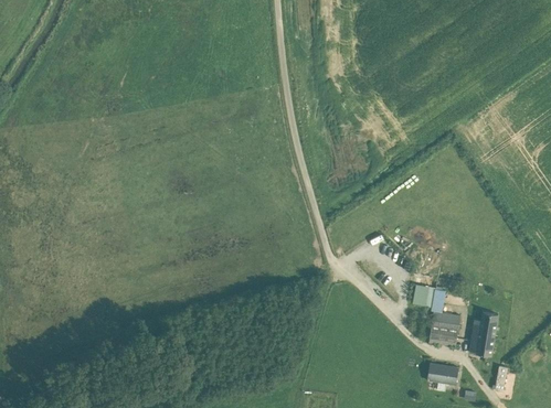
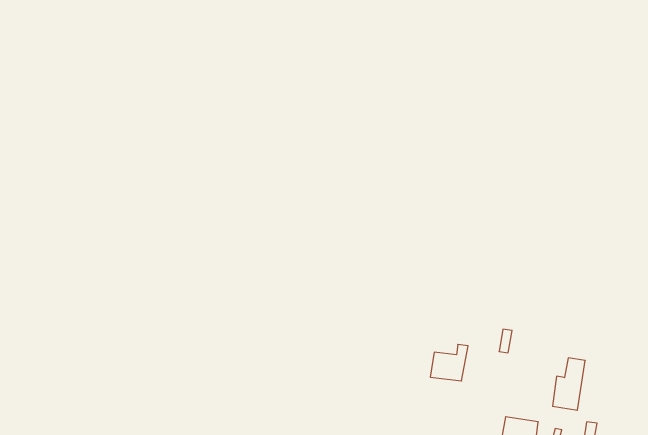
building: [427,313,459,344] -> [430,344,468,381]

